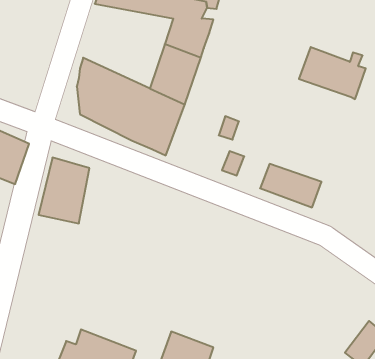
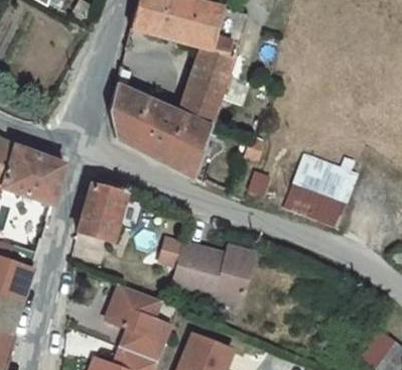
building: [299,47,366,99] -> [293,153,357,203]
building: none -> [171,243,253,303]
building: none -> [112,286,176,361]

